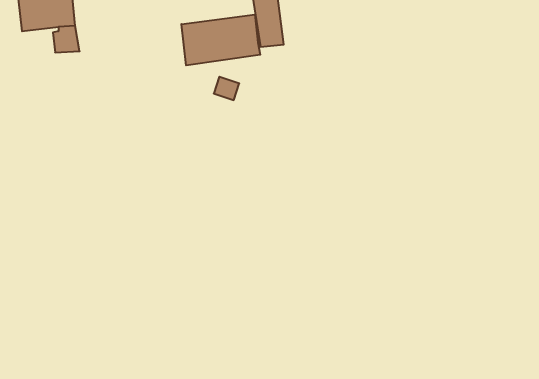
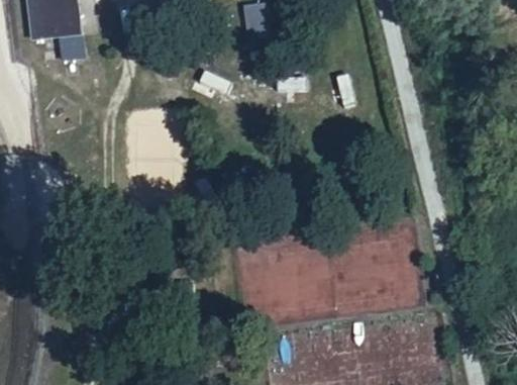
building: [181,15,260,65] -> none

